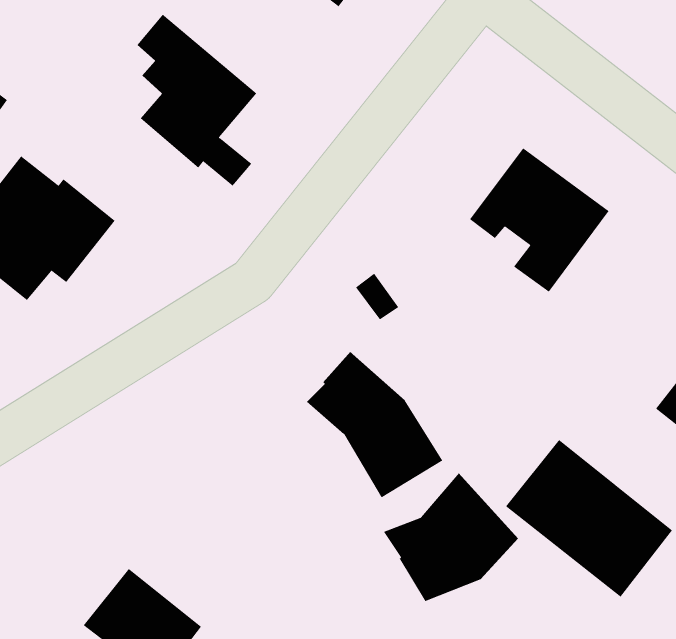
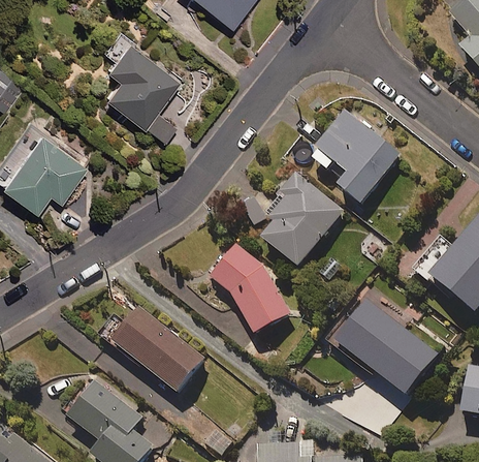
building: none -> [260,171,342,267]
building: none -> [100,305,204,393]
building: [383,472,519,602] -> none

